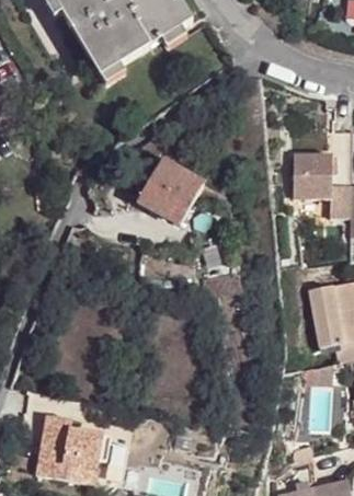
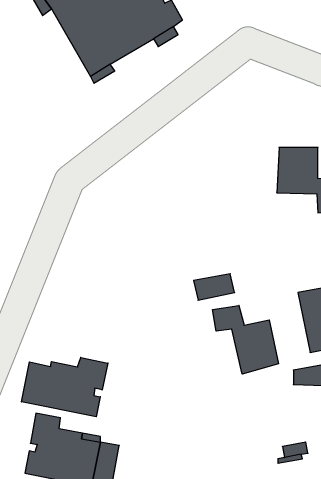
building: [137,161,203,224] -> none
building: none -> [213,305,279,374]
building: none -> [22,357,108,417]

